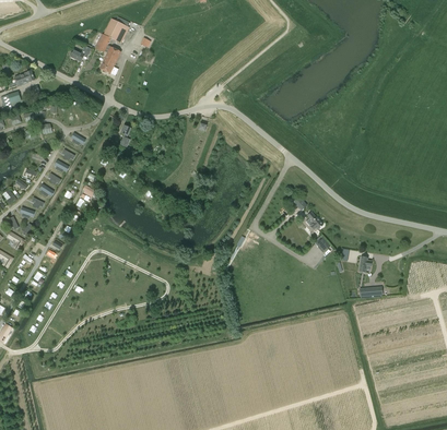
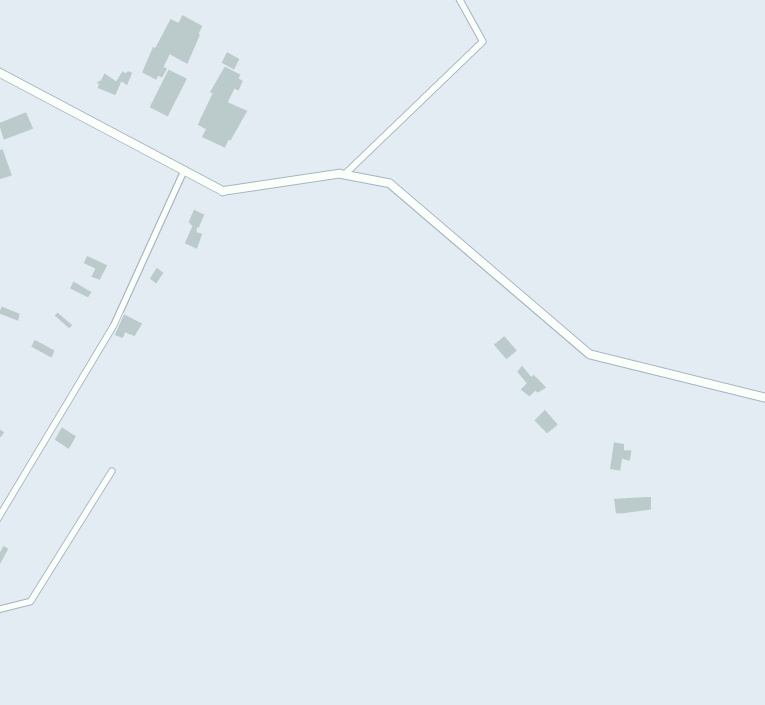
building: none -> [197,66,248,149]

